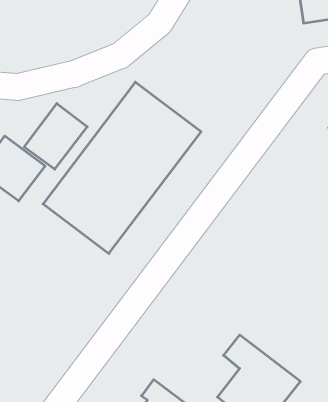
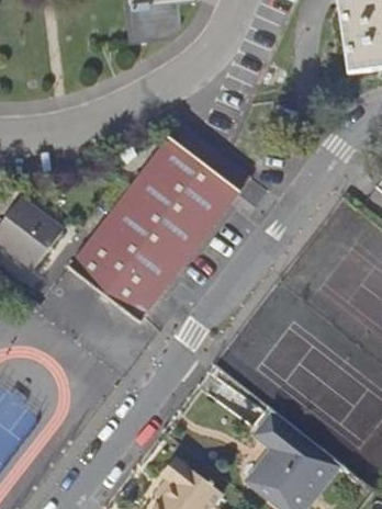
building: [24,103,87,169] -> none

